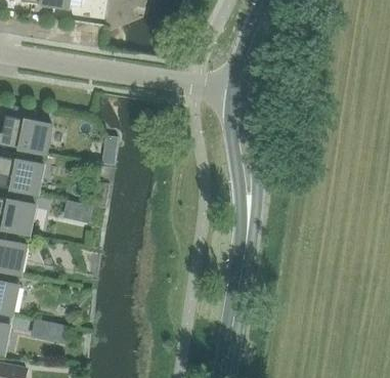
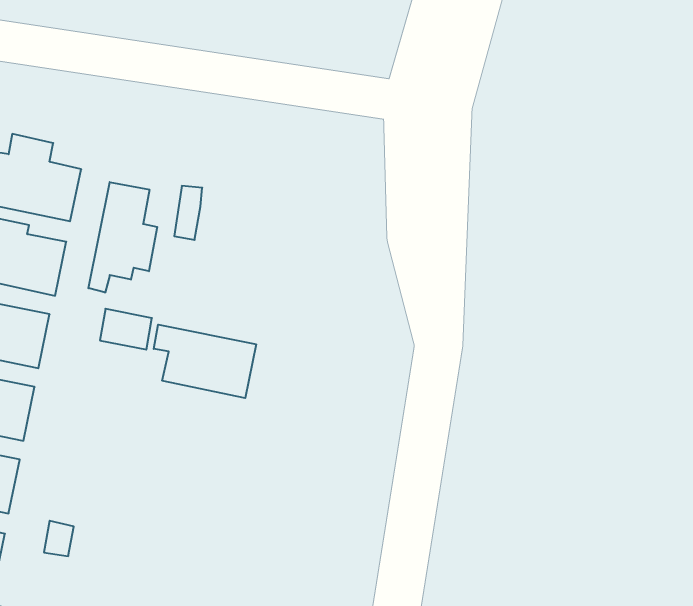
building: none -> [88,182,157,293]
building: none -> [154,325,256,398]

